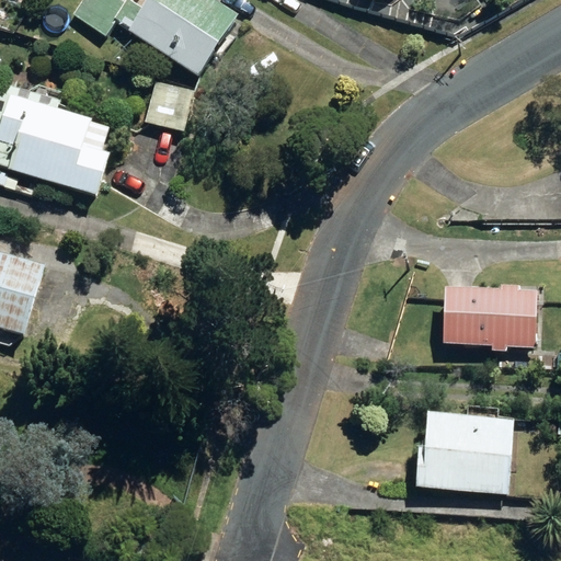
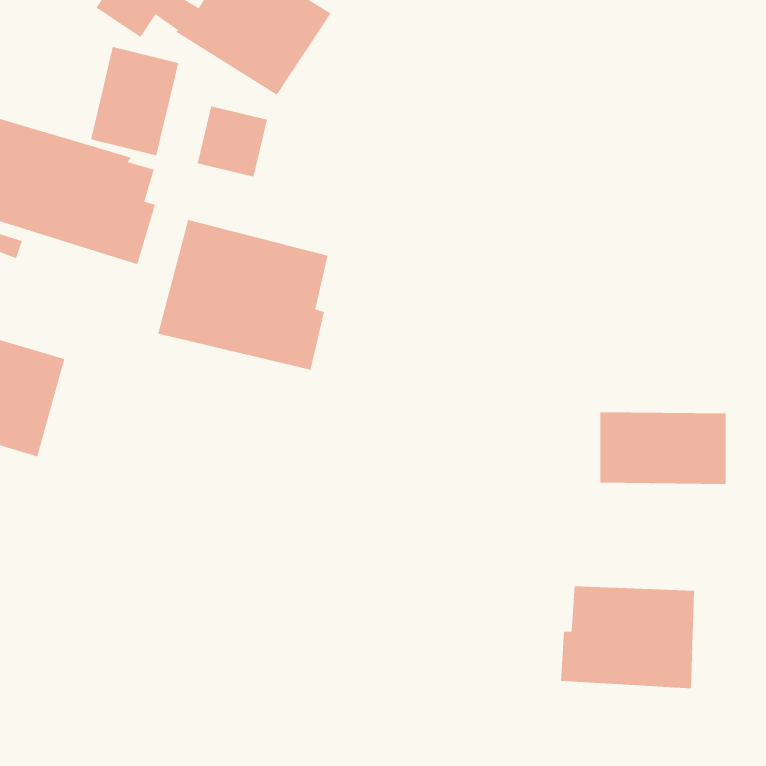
building: none -> [90,46,179,156]
building: none -> [157,219,328,371]

